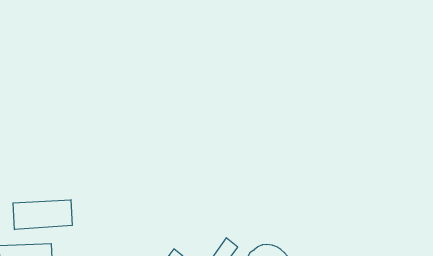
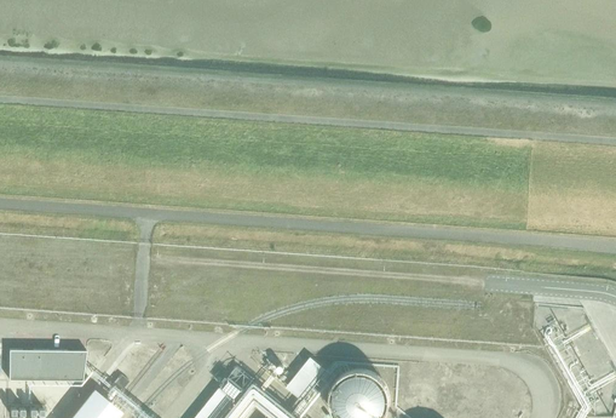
building: [13,200,72,230] -> none

